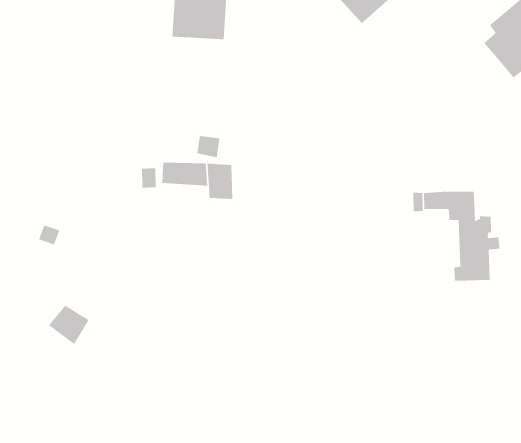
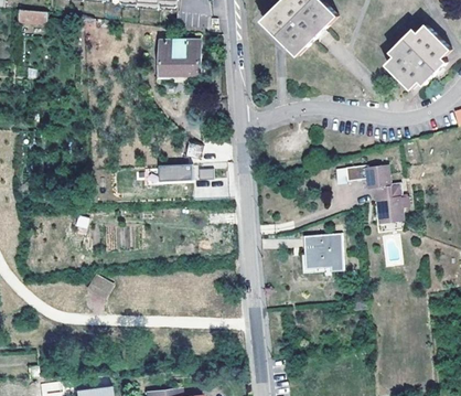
building: none -> [303,232,342,271]

